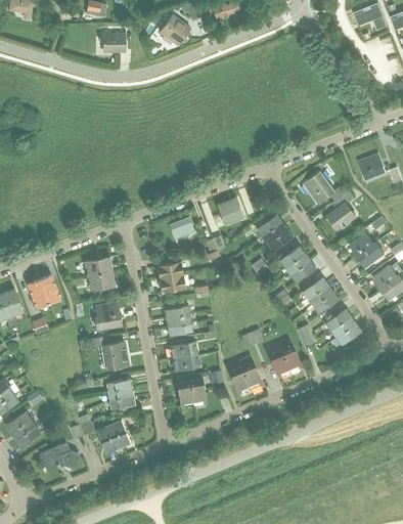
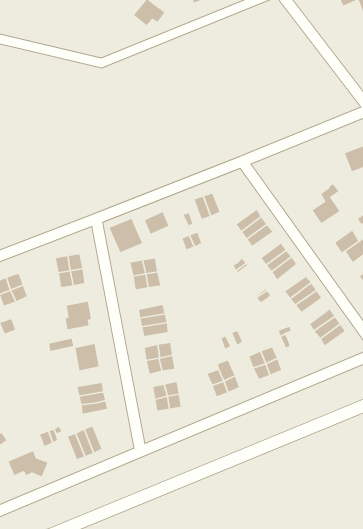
building: [102,31,126,50] -> none
building: [305,173,345,204] -> none
building: none -> [109,218,143,253]

